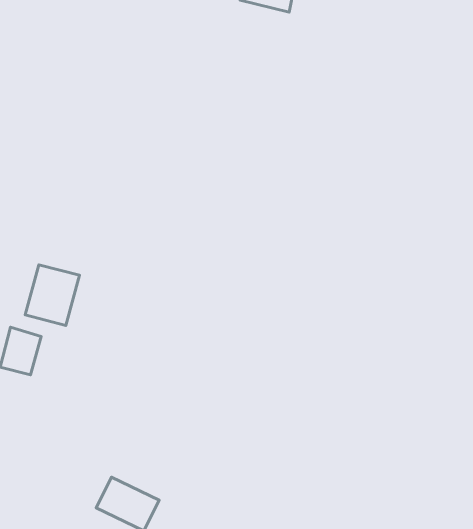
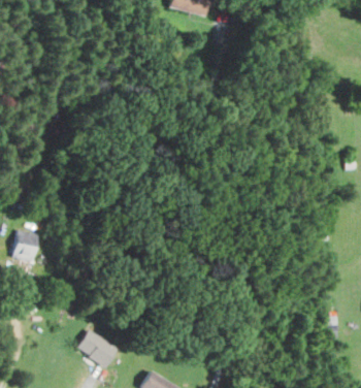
building: [25,265,79,325] -> none

